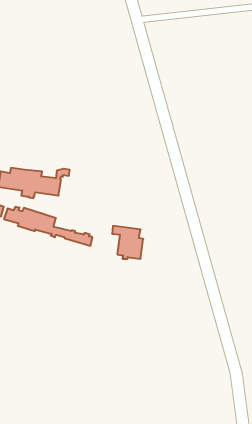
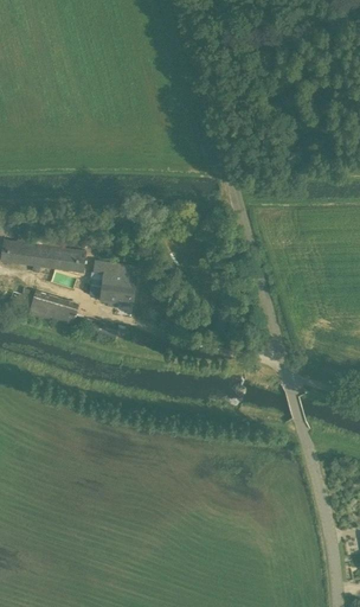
building: [112,226,143,259] -> [92,262,135,307]

